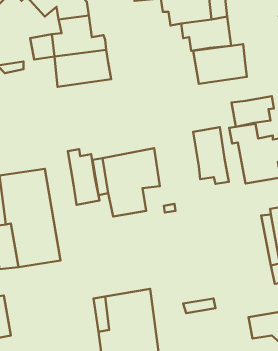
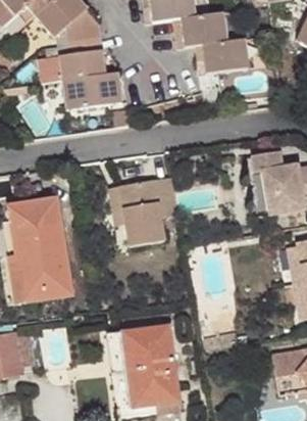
building: [193,44,247,84] -> none
building: [232,96,274,127] -> none
building: [193,127,229,184] -> none
building: [68,149,100,205] -> none

